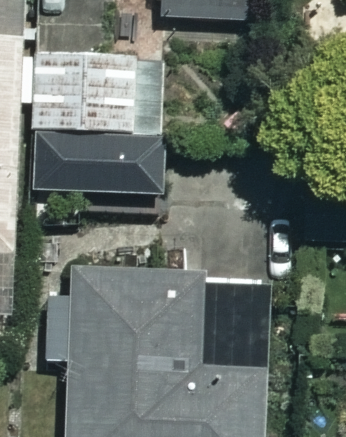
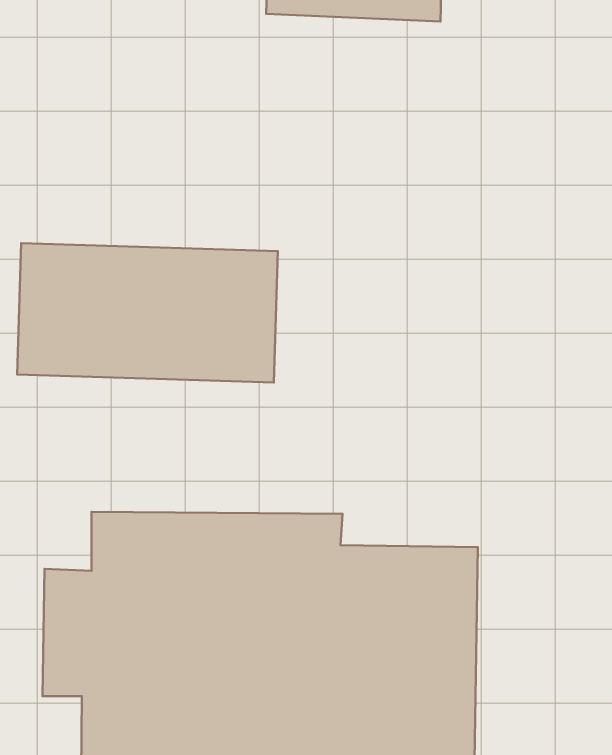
building: [32,51,161,127] -> none

